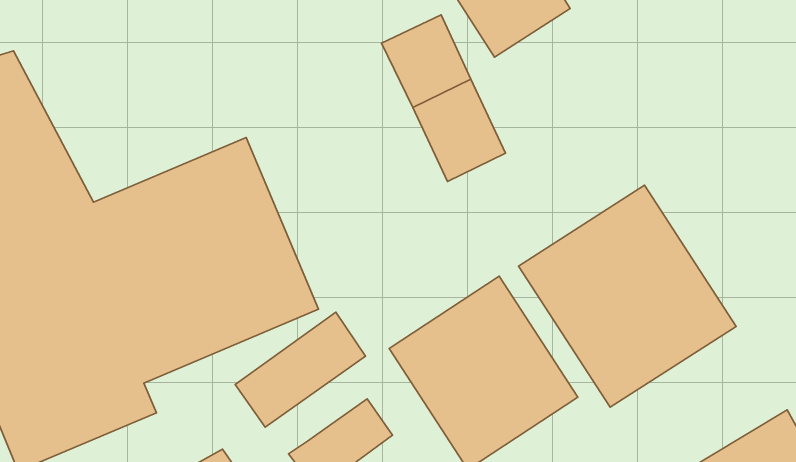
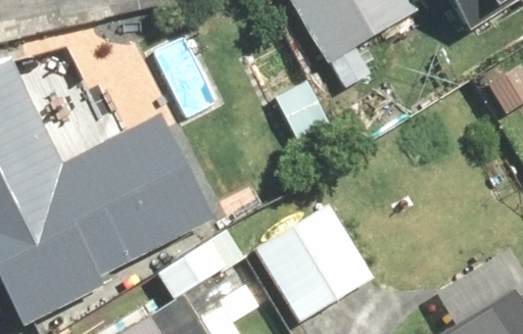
building: [519,185,736,407] -> none

